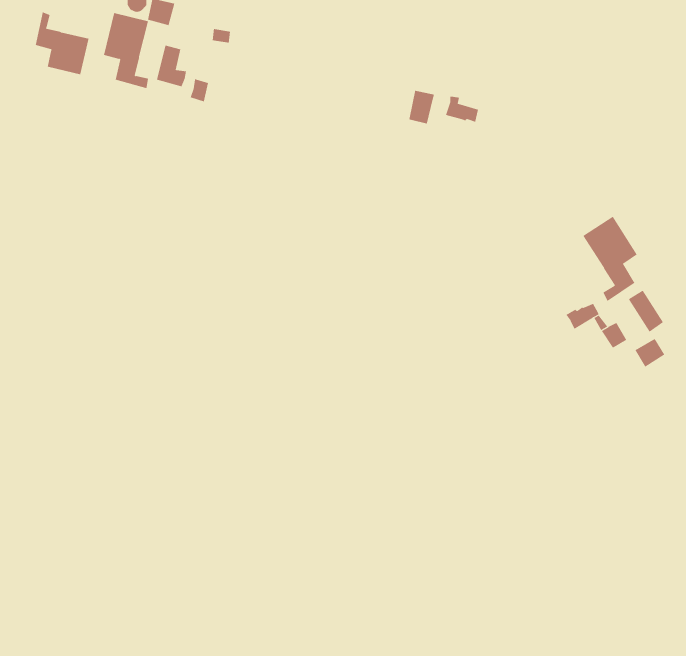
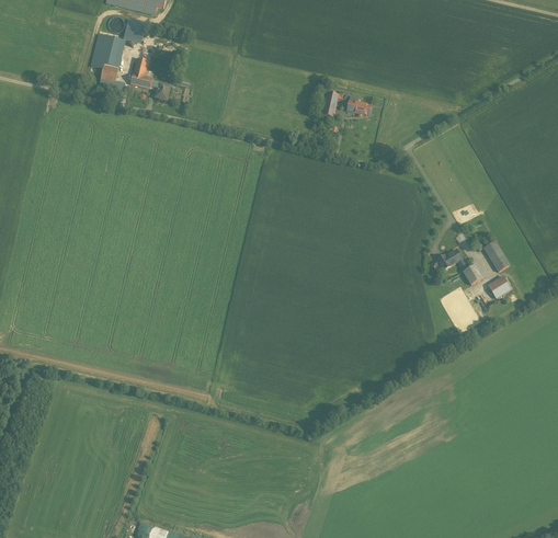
building: [35,11,89,75] -> none
building: [582,216,638,302] -> none

